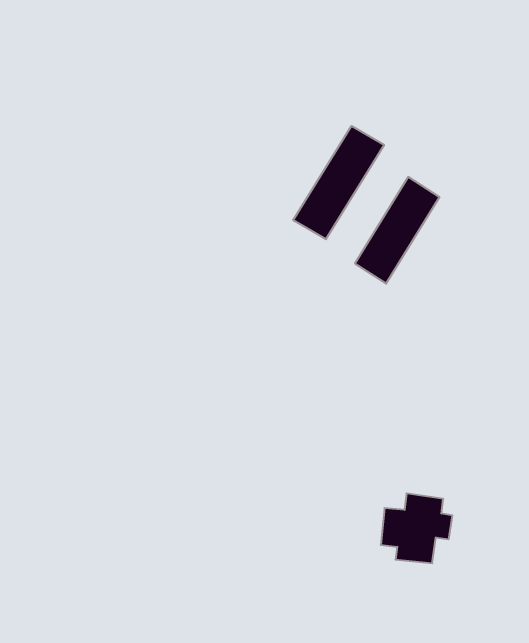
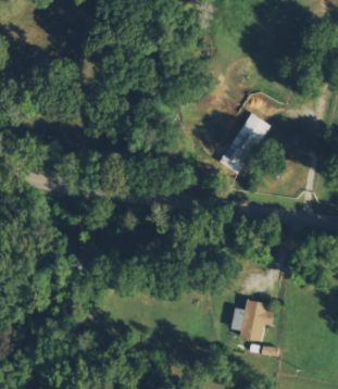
building: [293,126,384,239] -> none

